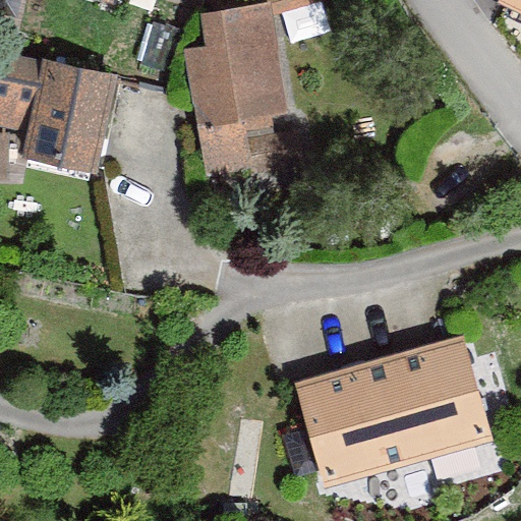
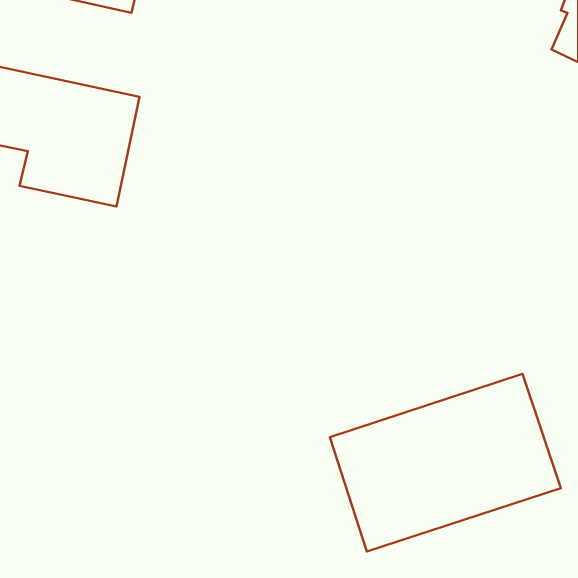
building: [186,6,290,162] -> none

